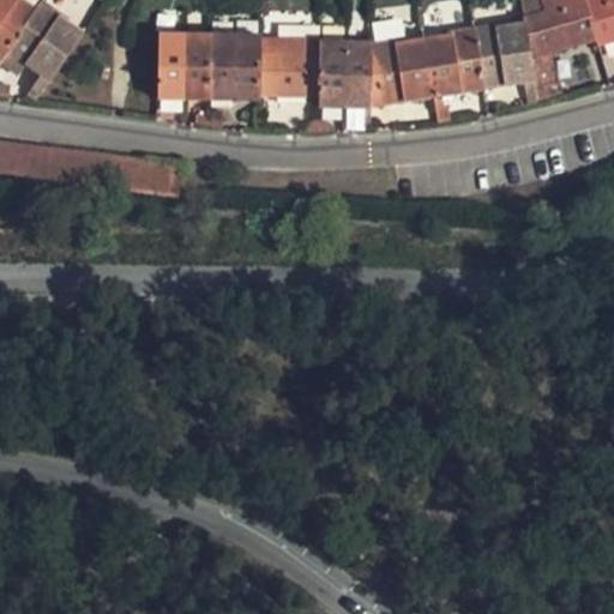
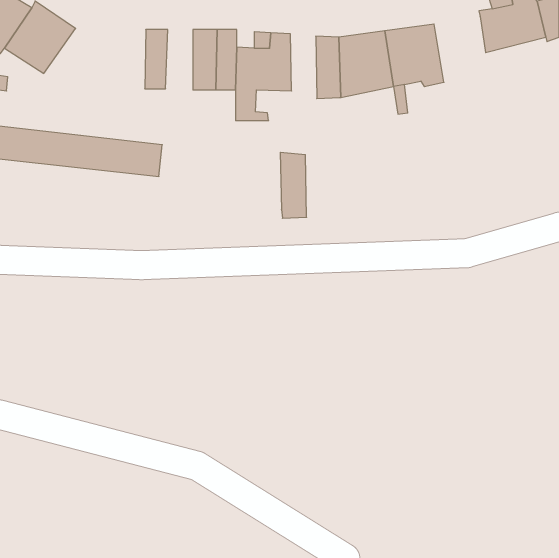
building: [475,18,537,112] -> none
building: [181,32,211,98] -> none
building: [318,37,347,109] -> [280,152,307,218]

